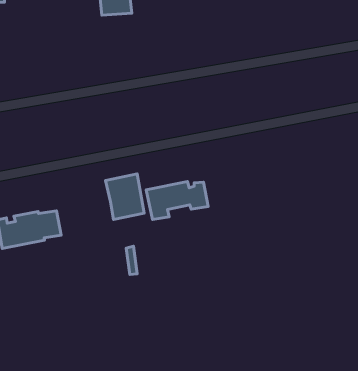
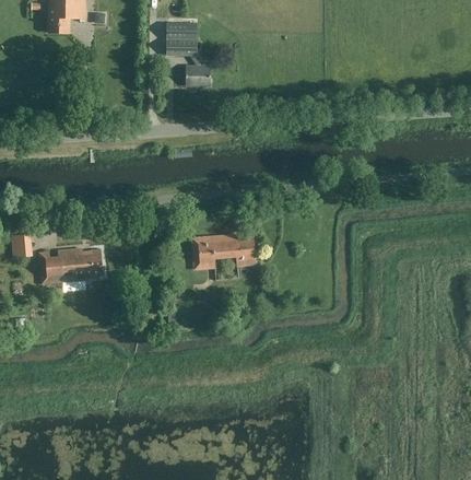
building: none -> [185,68,210,86]
building: [106,174,144,220] -> none

